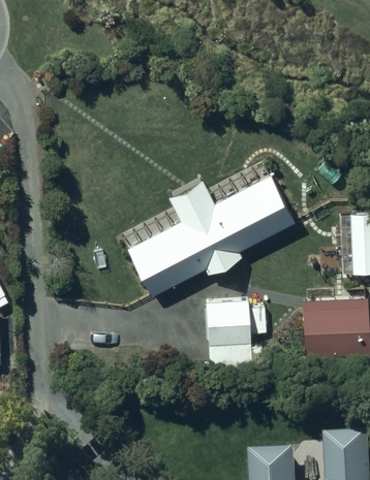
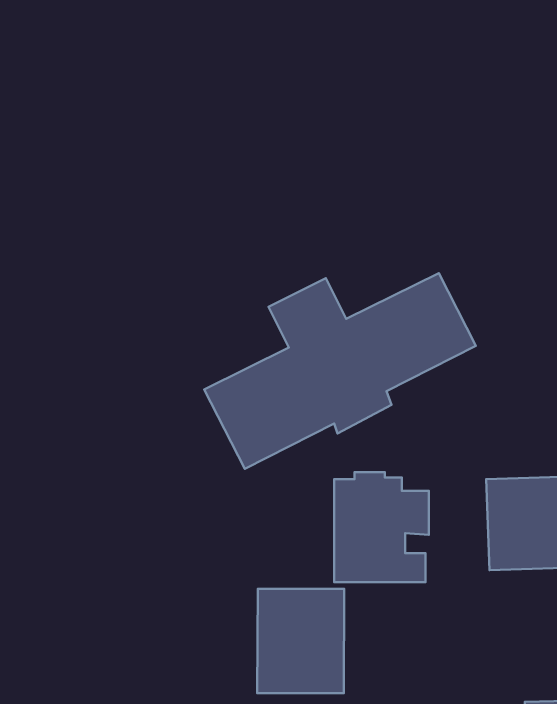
building: none -> [257,589,344,693]

